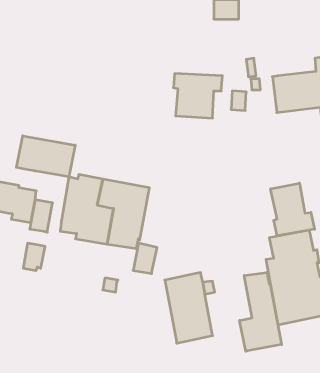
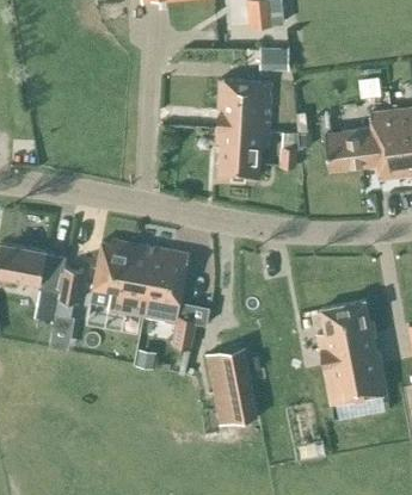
building: none -> [216,79,271,130]
building: [16,136,75,177] -> none
building: [271,183,315,236] -> none
building: [240,272,282,351] -> none

